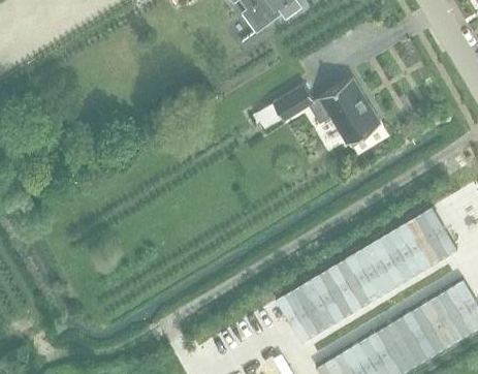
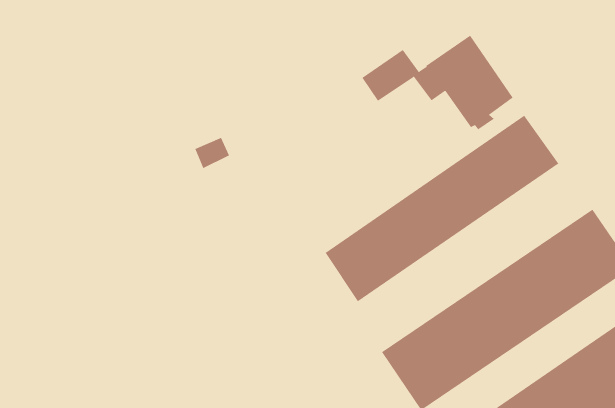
building: none -> [325,115,559,302]

